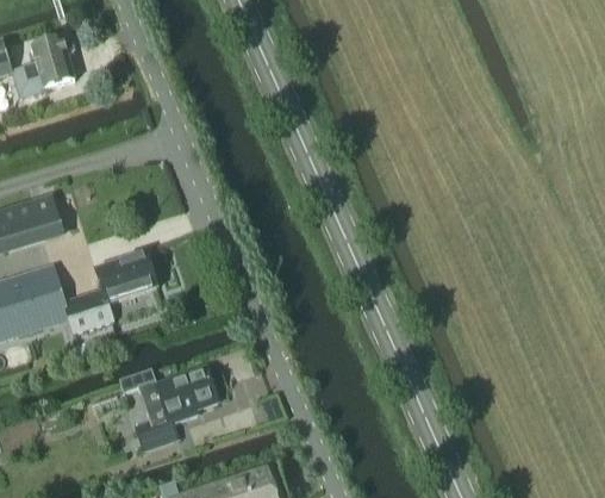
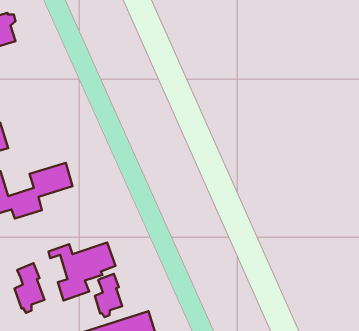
building: none -> [14,263,44,313]
building: none -> [95,274,122,317]

